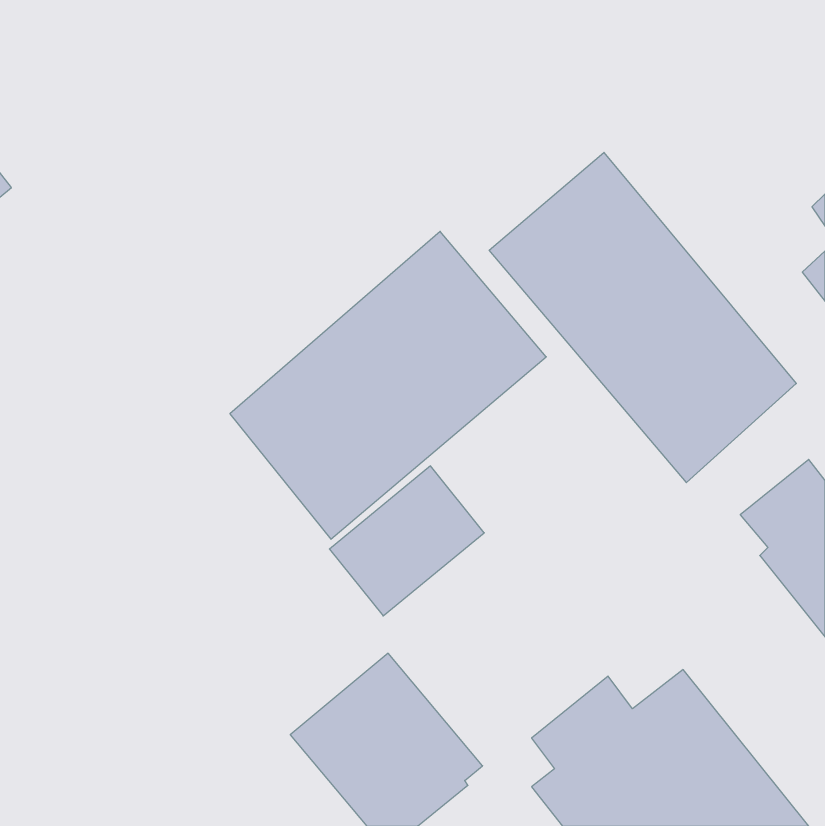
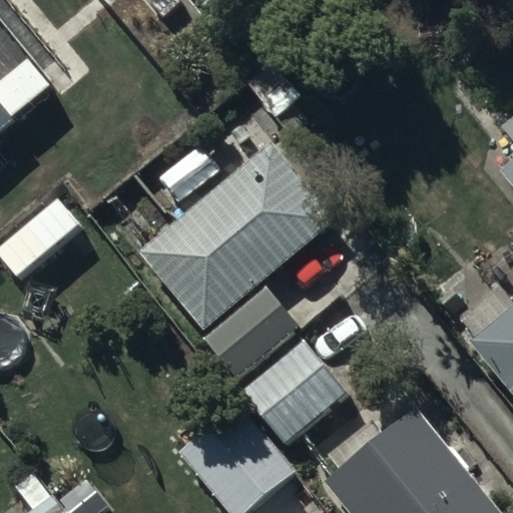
building: [489,152,796,483] -> none
building: none -> [241,342,346,445]

